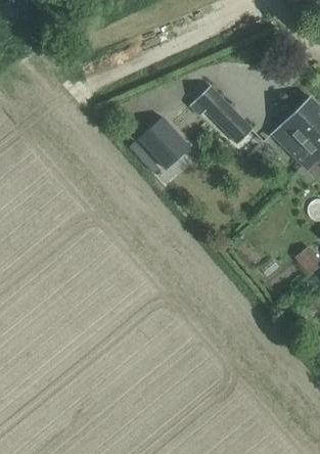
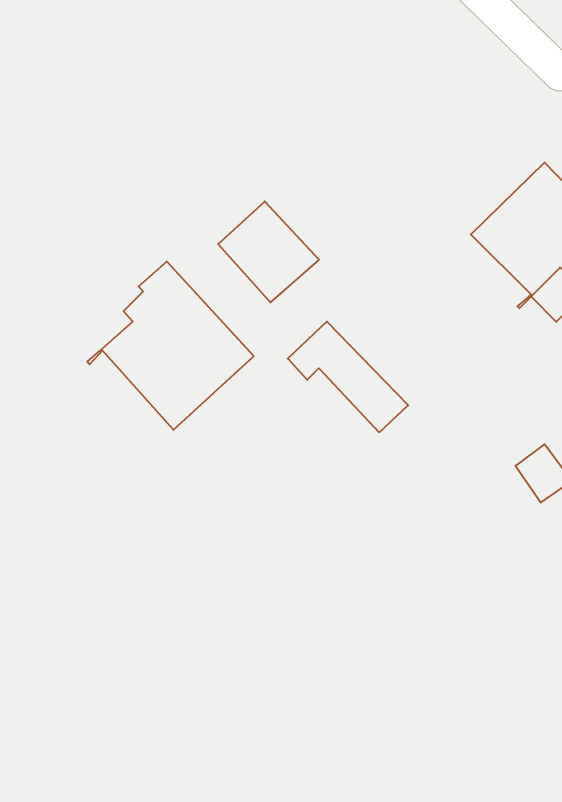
building: [190,86,254,144] -> [288,322,408,432]
building: none -> [87,261,254,430]

